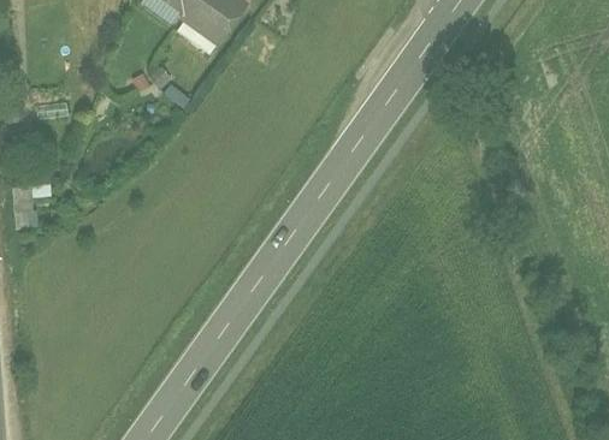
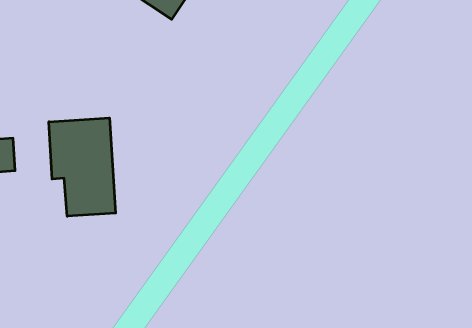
building: none -> [49,118,116,216]

